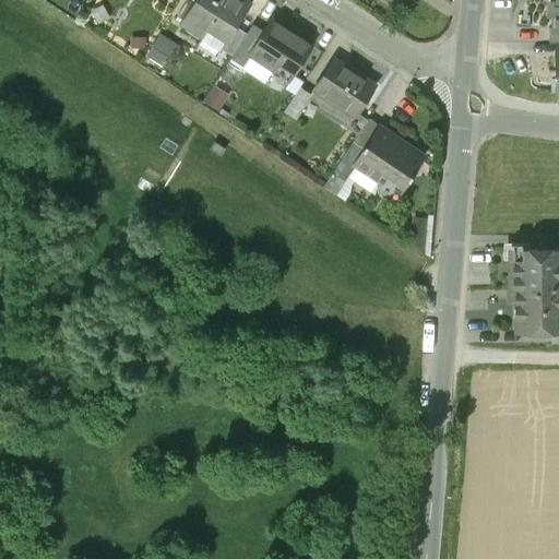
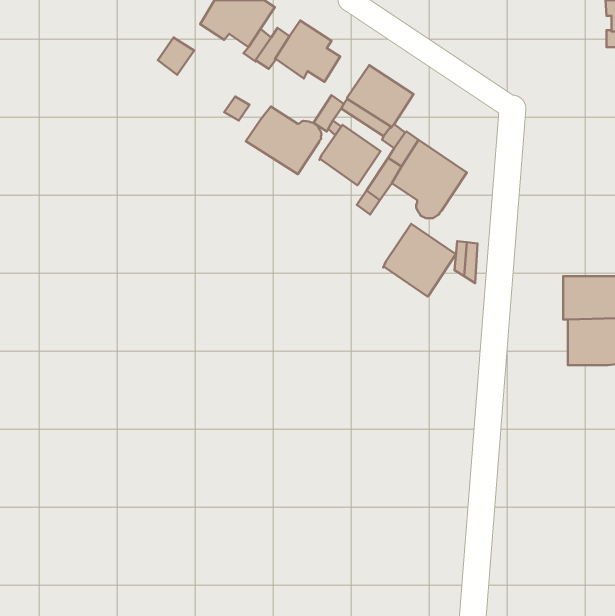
building: none -> [246,106,321,174]
building: none -> [319,125,381,185]
building: none -> [383,224,456,296]

